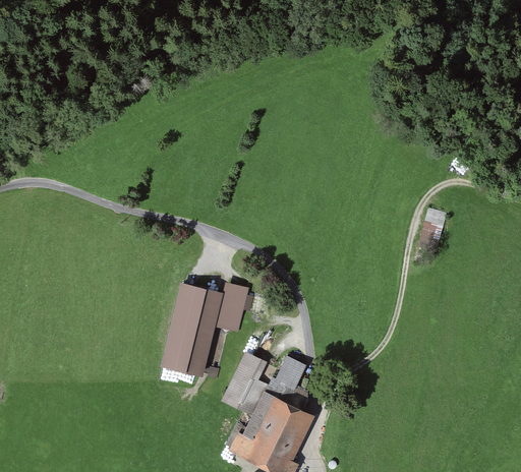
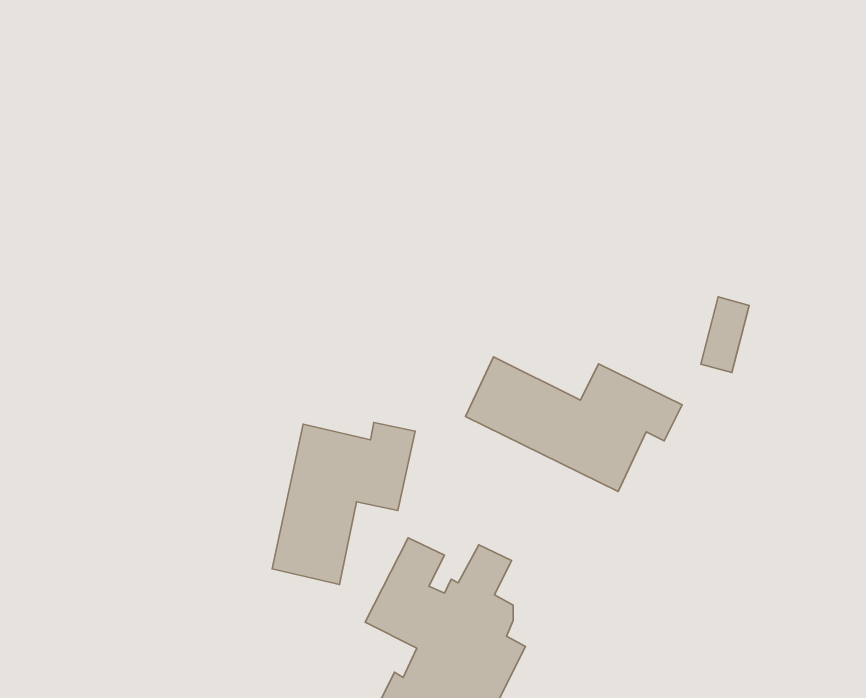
building: none -> [466,357,682,491]

